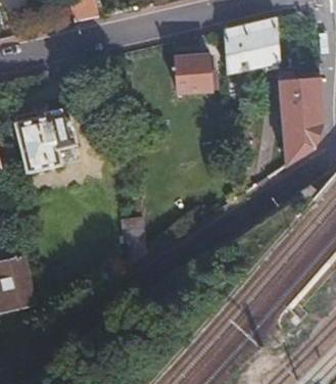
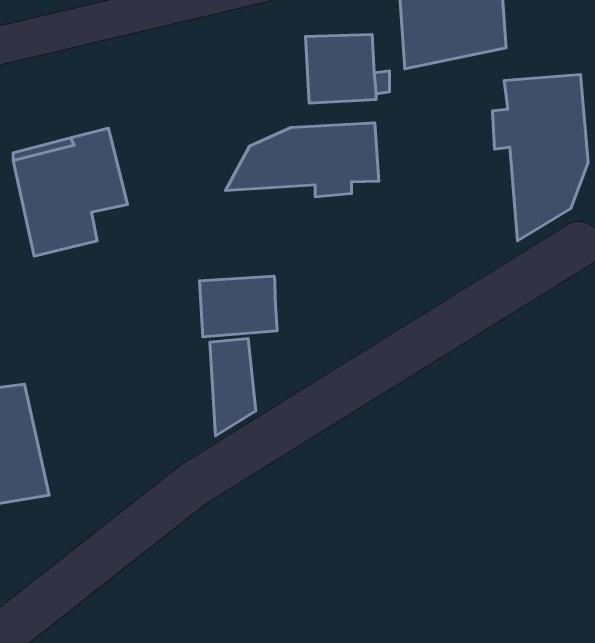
building: none -> [226,123,379,197]
building: none -> [199,276,277,337]

